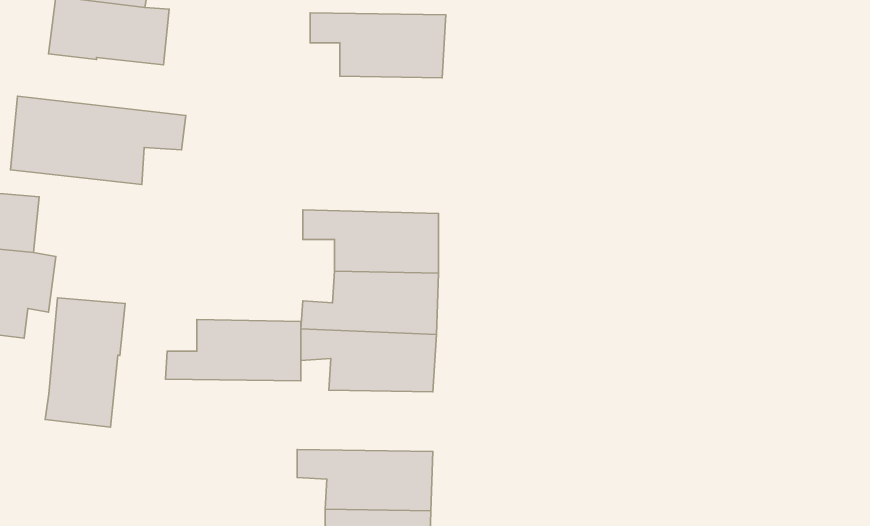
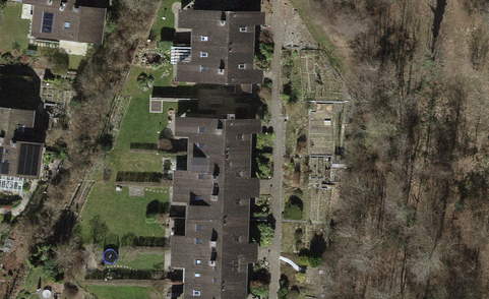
building: none -> [172,47,251,81]
building: [10,96,186,184] -> none
building: [45,298,125,427] -> none
building: [165,320,301,381] -> [172,219,246,252]

